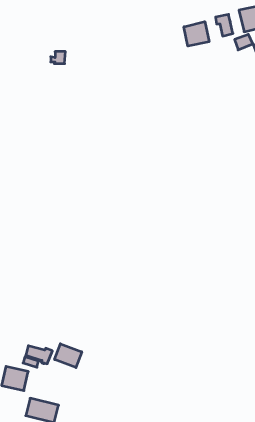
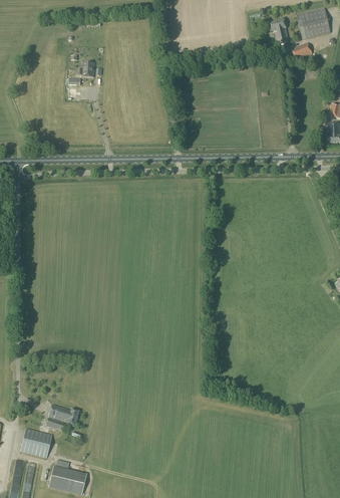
building: [184,22,209,46] -> none
building: [55,344,82,368] -> none

